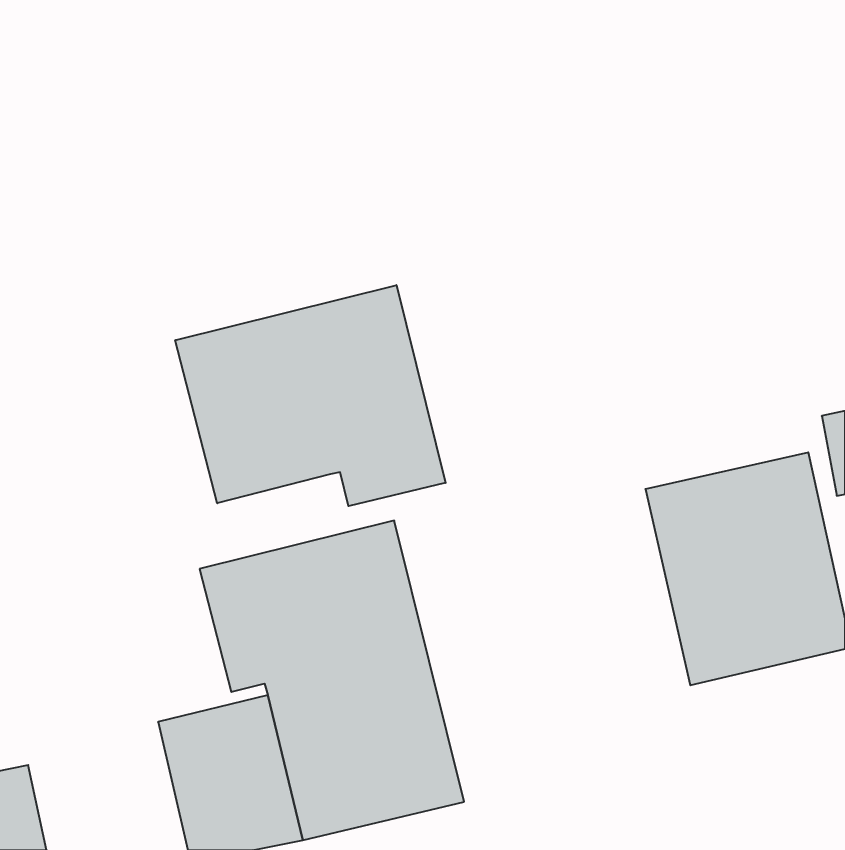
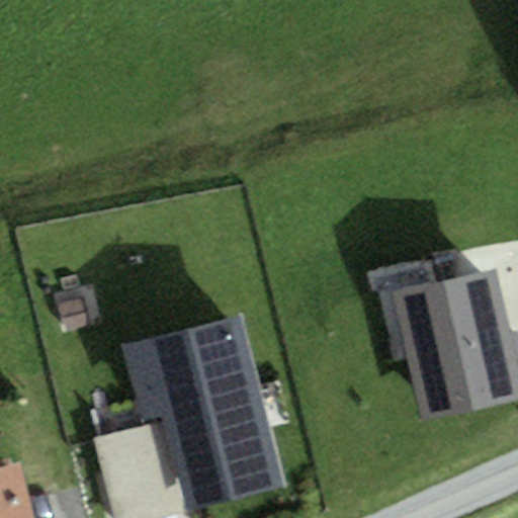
building: [175,285,446,506] -> none

